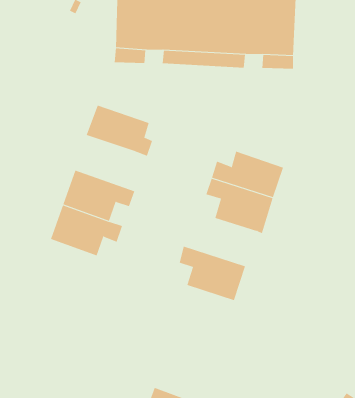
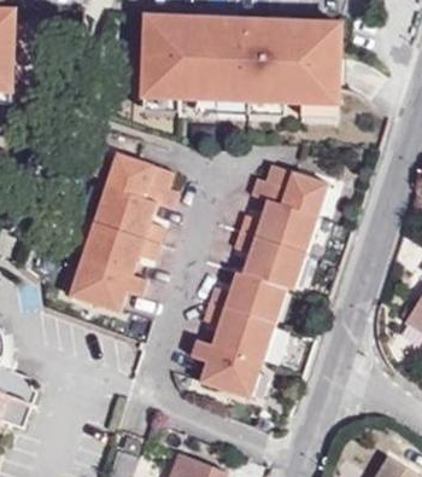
building: none -> [252,165,329,217]
building: none -> [93,182,165,243]
building: none -> [210,269,289,324]
building: none -> [193,338,265,399]

